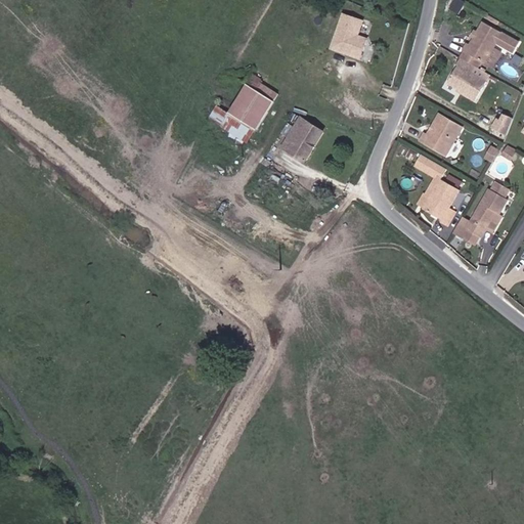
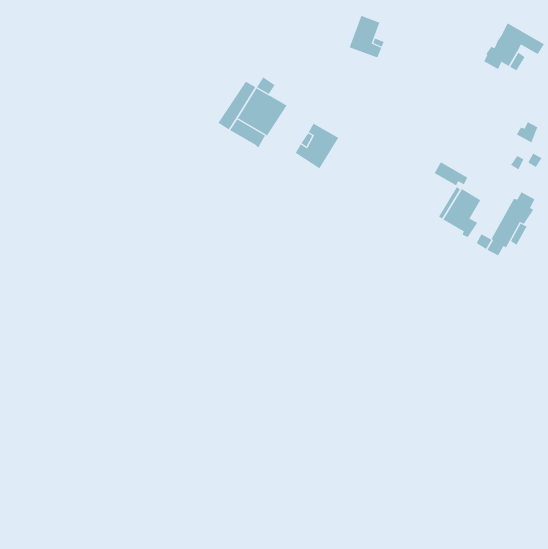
building: [448,58,486,101] -> none
building: [418,115,461,157] -> none

